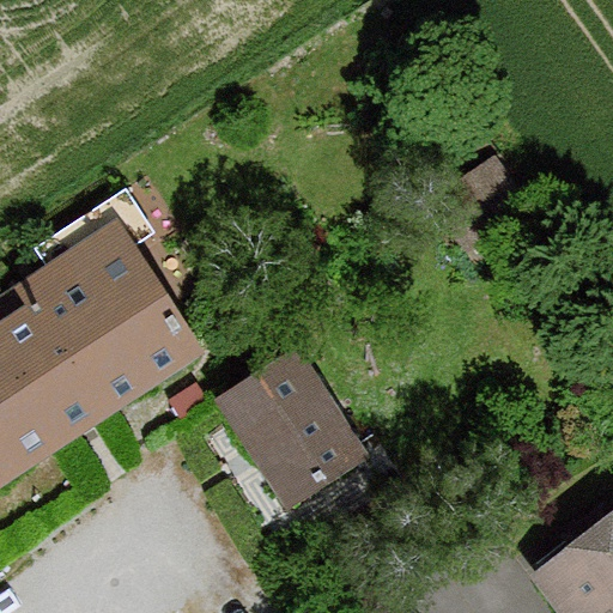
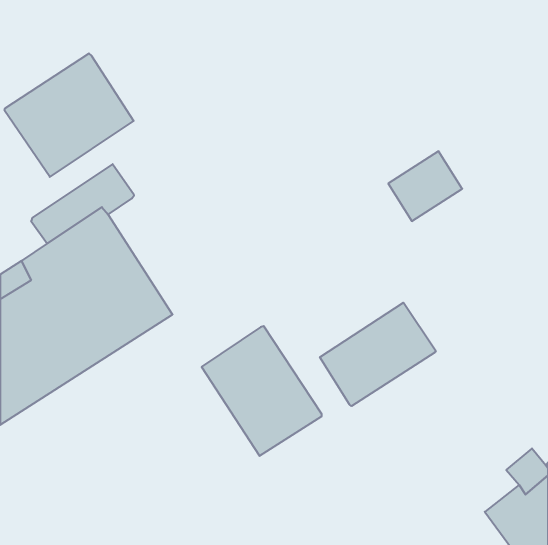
building: none -> [5,53,134,177]
building: none -> [320,303,436,406]

